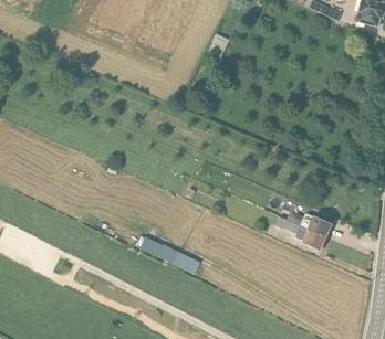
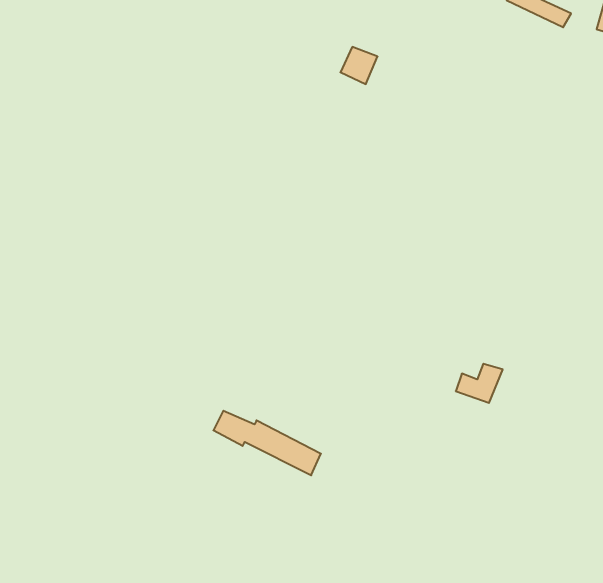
building: [301,213,332,251] -> none

